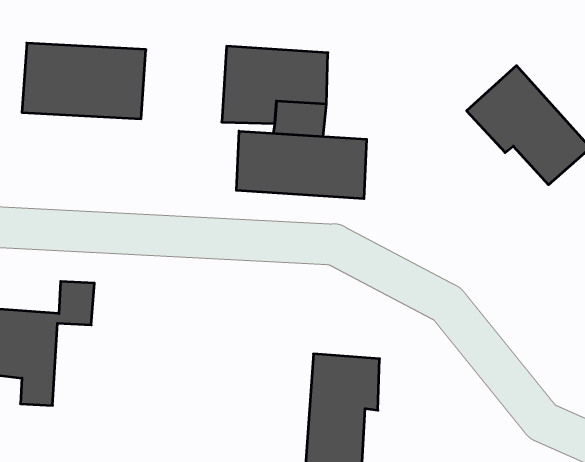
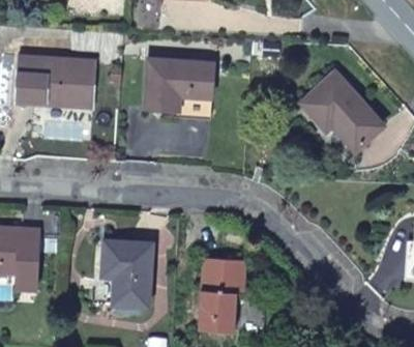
building: [236,131,367,199] -> none
building: none -> [103,242,152,306]

